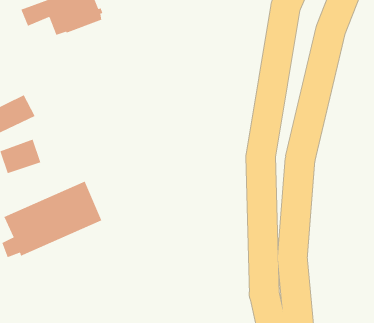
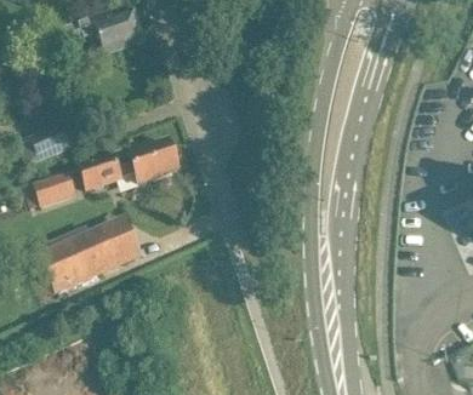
building: none -> [79,138,177,185]

